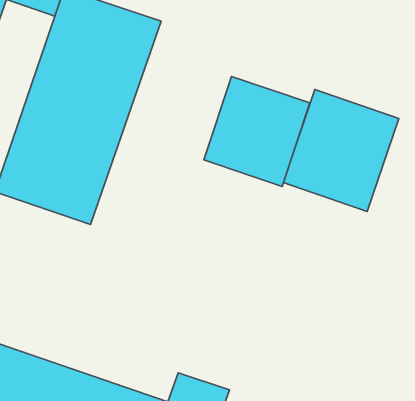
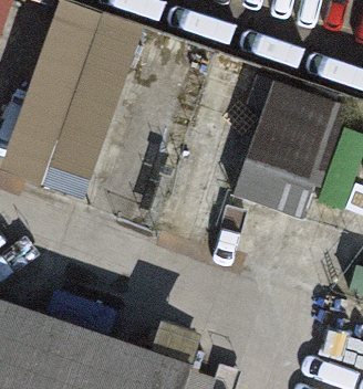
building: [204,77,310,186] -> none

